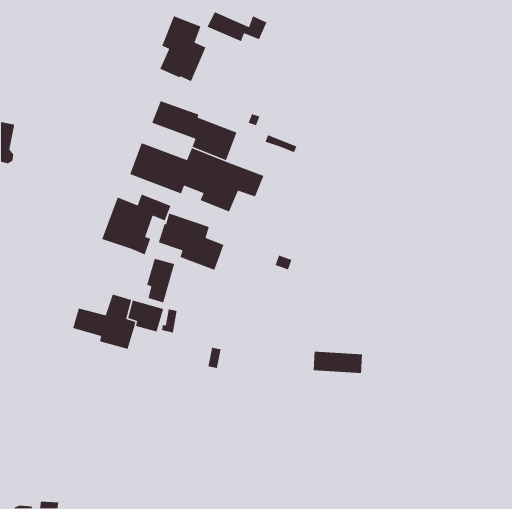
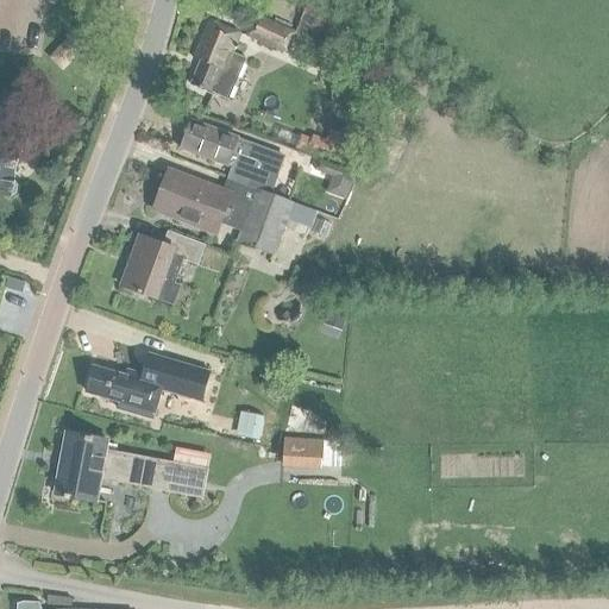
building: [158,213,225,271] -> none
building: [146,258,175,303] -> none
building: [313,351,363,374] -> [282,437,341,464]
building: none -> [54,431,207,500]

